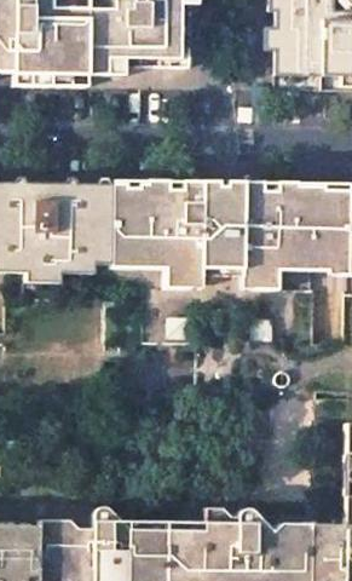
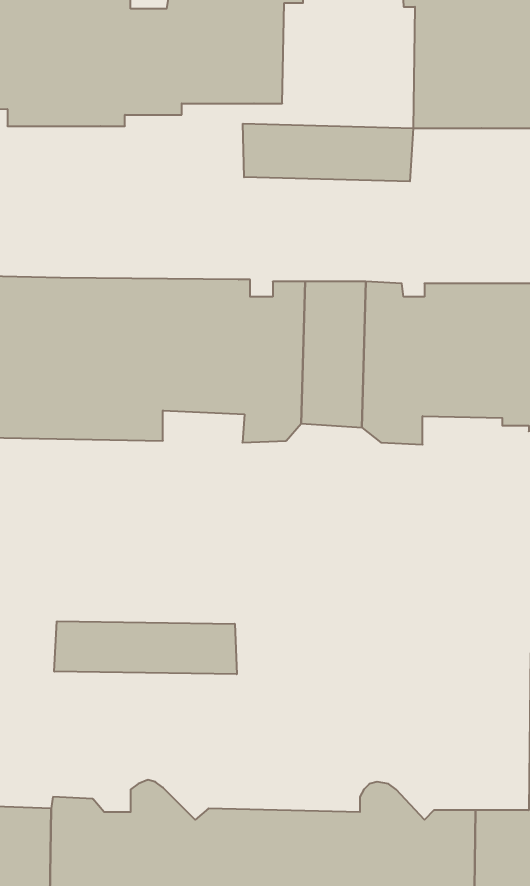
building: none -> [243,124,413,181]
building: none -> [54,621,237,674]

